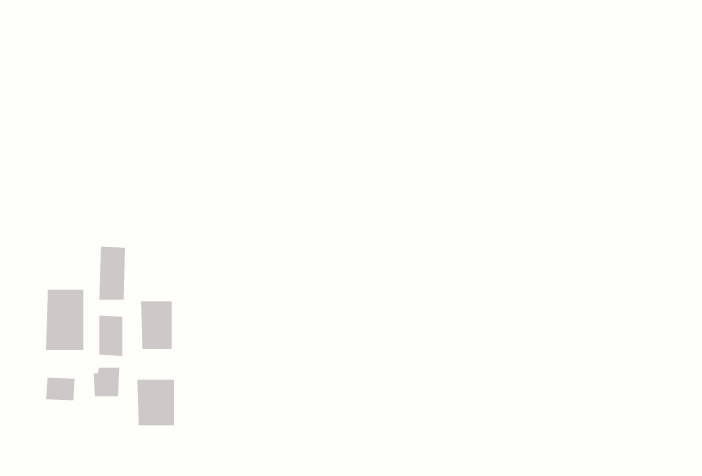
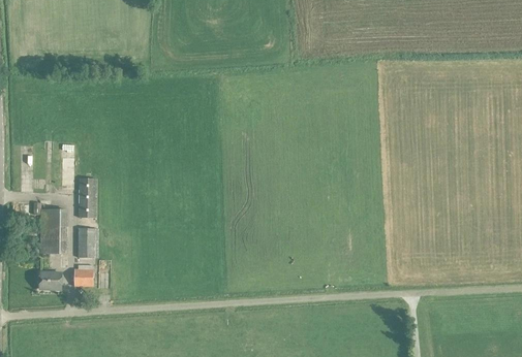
building: [140,300,172,350] -> none
building: [137,379,175,426] -> none

